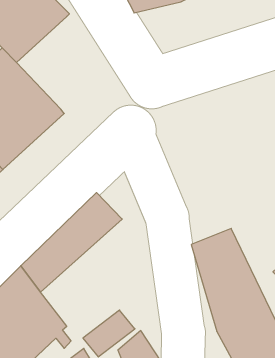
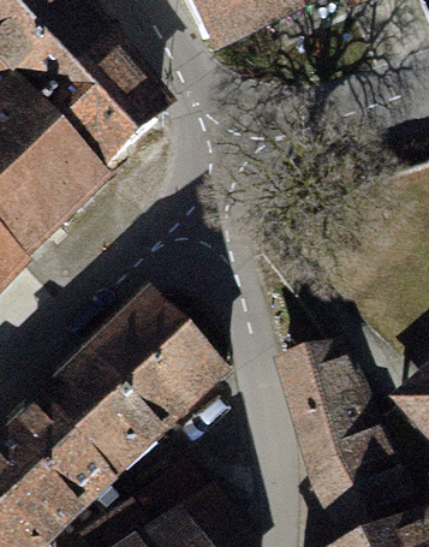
building: none -> [38,46,160,177]
building: none -> [72,332,226,483]

